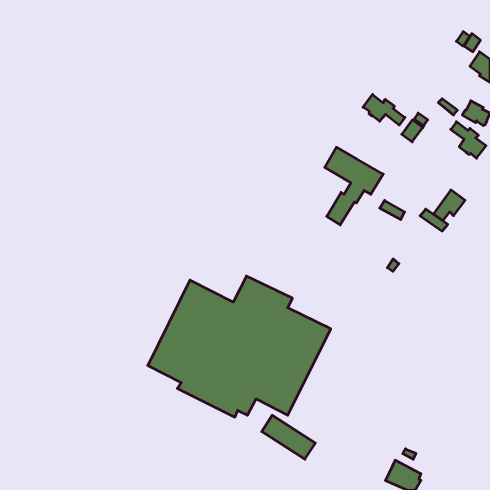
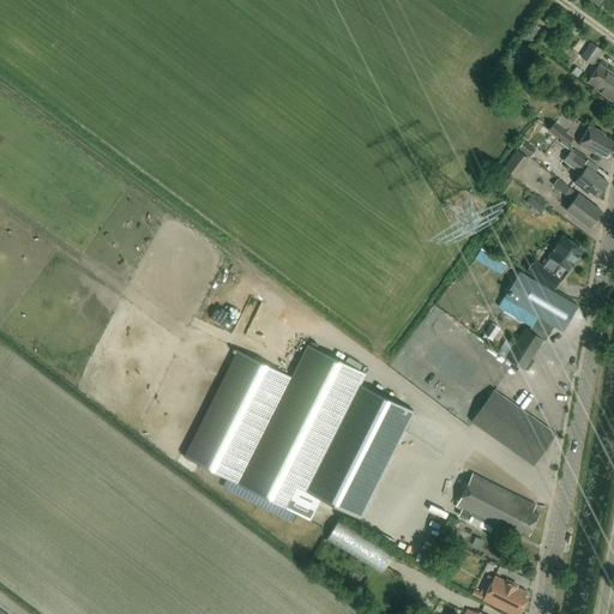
building: [363,94,405,125] -> none
building: none -> [554,180,602,228]
building: [325,147,383,225] -> [505,272,578,369]
building: none -> [471,391,556,465]
building: none -> [456,474,538,535]

